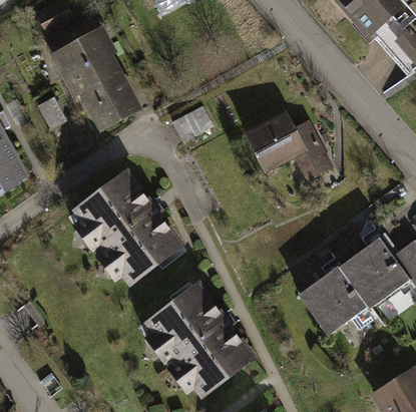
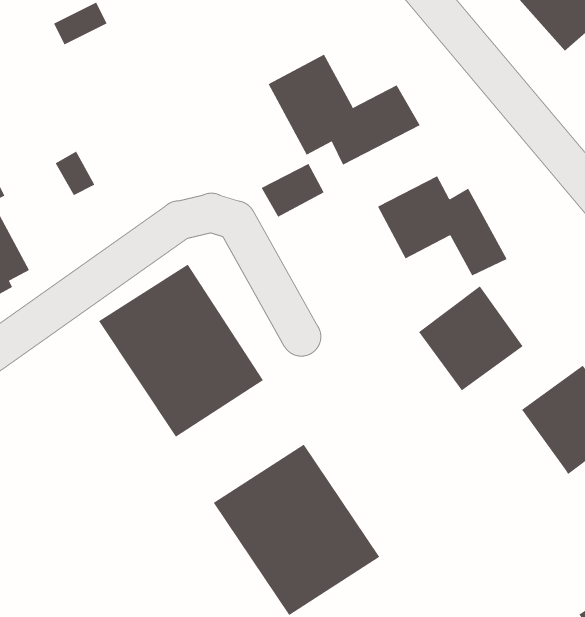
building: [50,20,137,126] -> none
building: none -> [268,54,420,165]
building: [302,266,370,334] -> [418,286,524,391]

